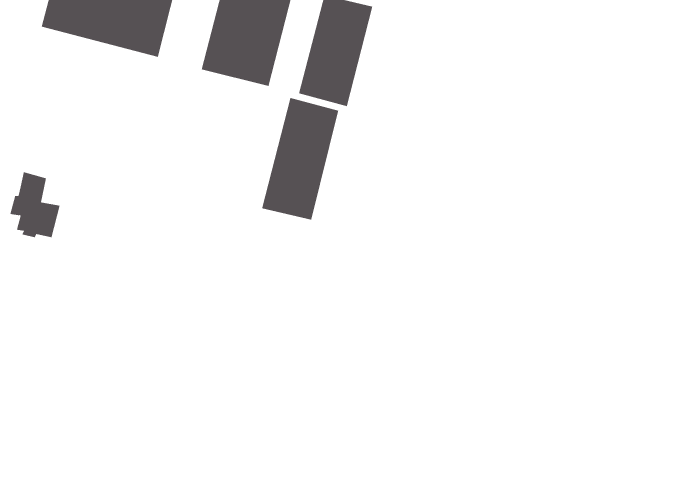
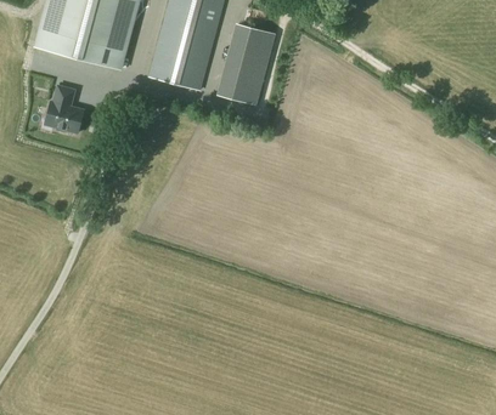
building: [262,97,339,220] -> none
building: [9,171,61,238] -> [49,86,85,133]

